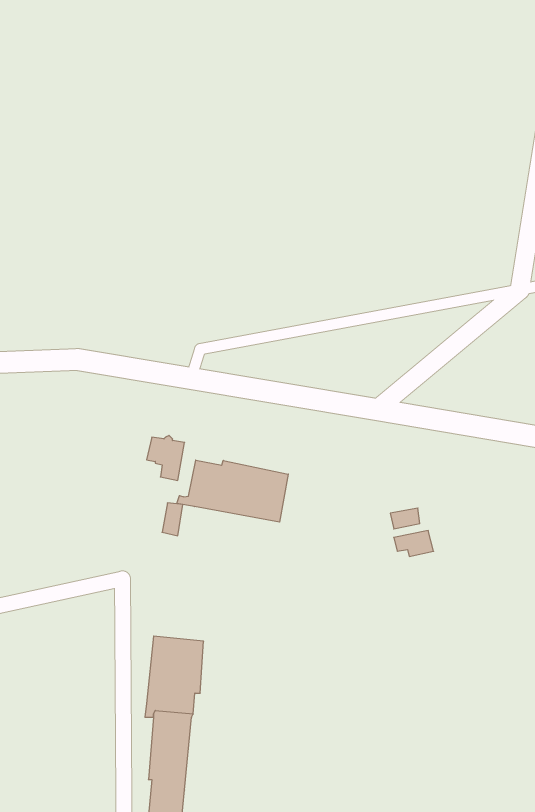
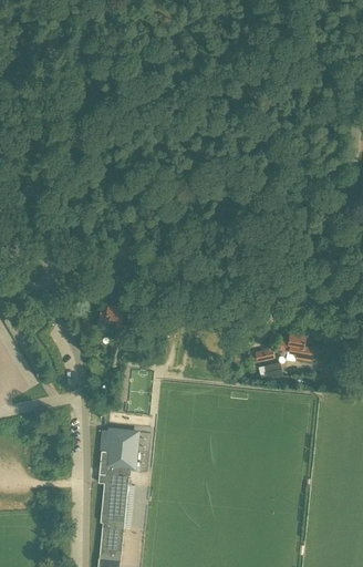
building: [177,460,288,522] -> none
building: none -> [280,333,313,360]

